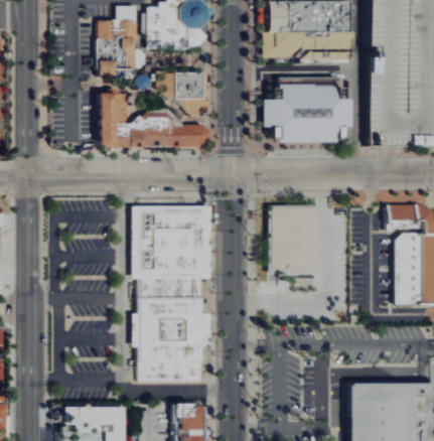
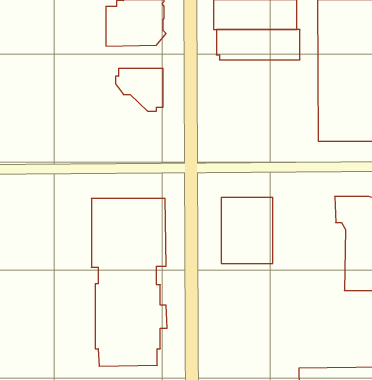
building: [96,5,145,89] -> none
building: [263,77,349,142] -> none
building: [94,93,207,148] -> none

